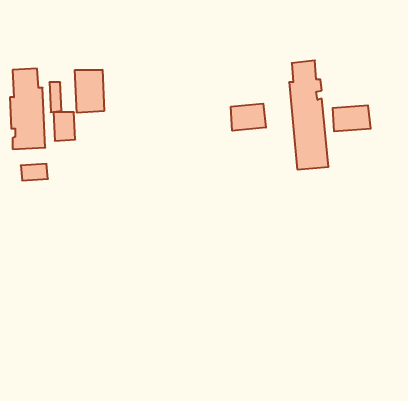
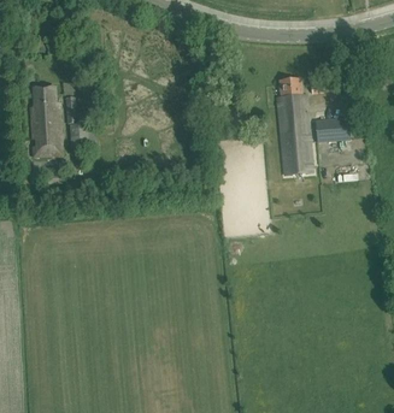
building: [75,70,104,113] -> none
building: [231,104,266,131] -> none

